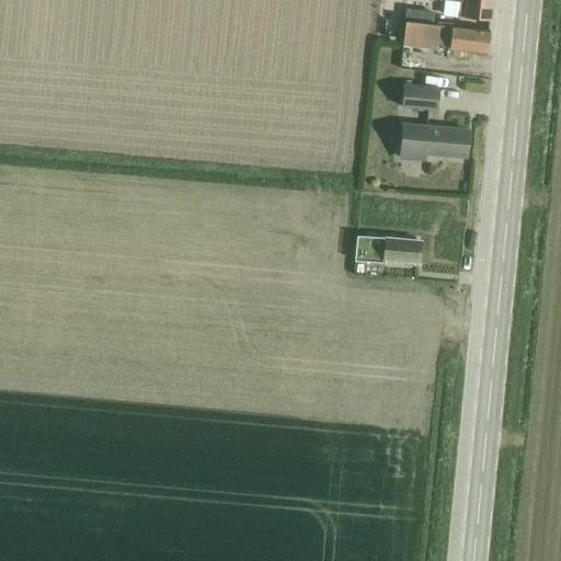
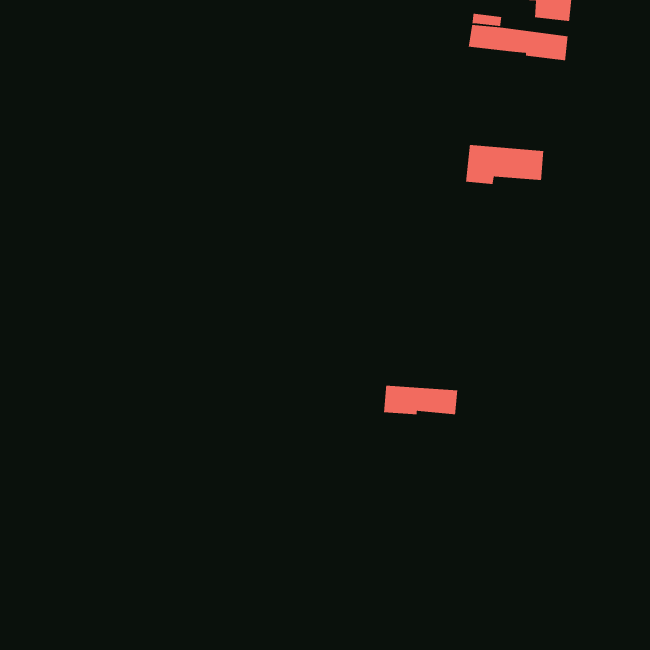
building: [403,84,439,110] -> none
building: [356,236,421,262] -> [383,385,458,415]

